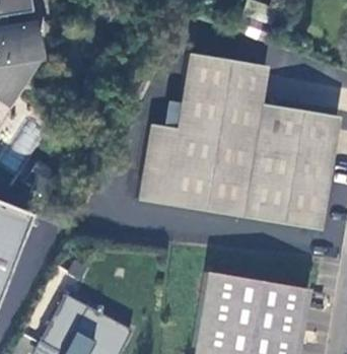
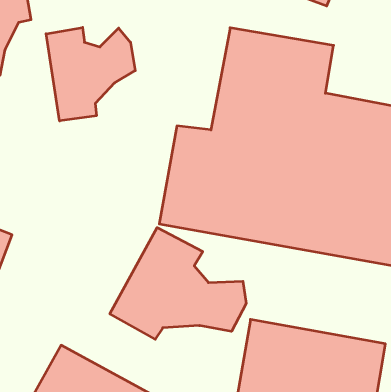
building: none -> [46,27,135,121]
building: none -> [110,228,246,339]

